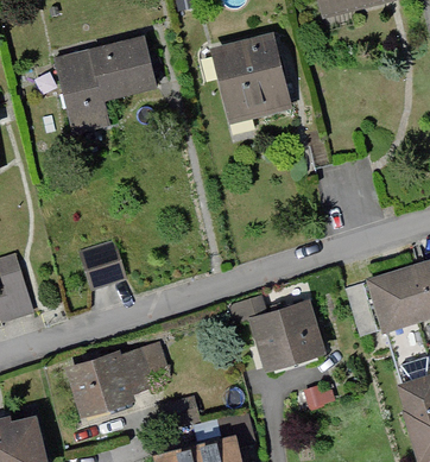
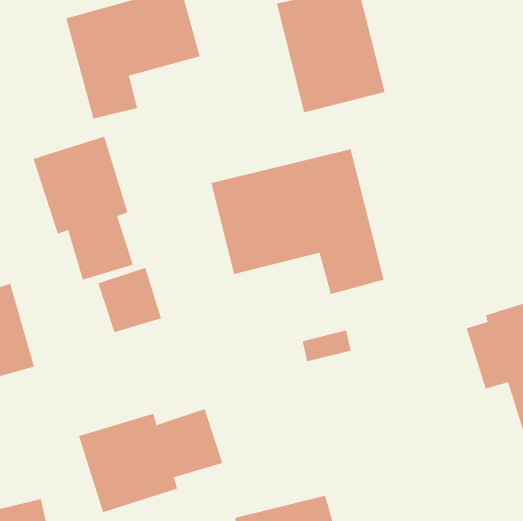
building: none -> [33,136,134,281]
building: none -> [211,148,384,295]
building: [247,299,327,374] -> none

